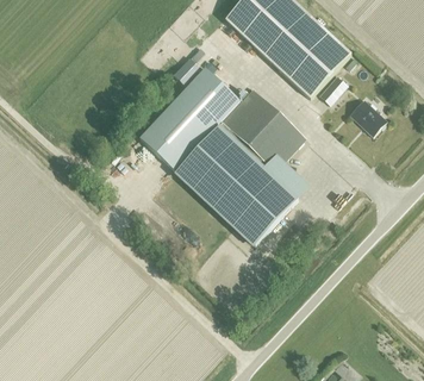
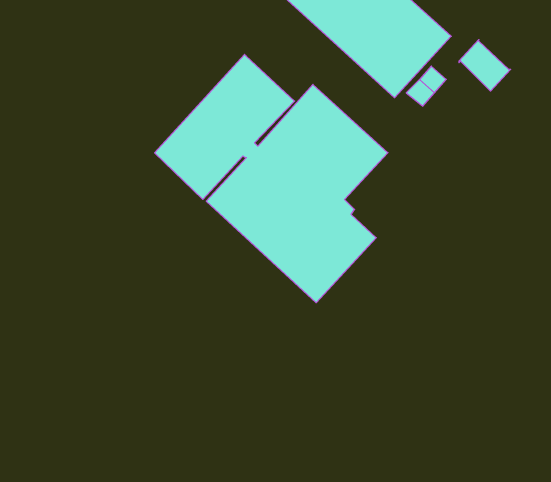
building: [350,98,387,135] -> [459,40,511,91]

